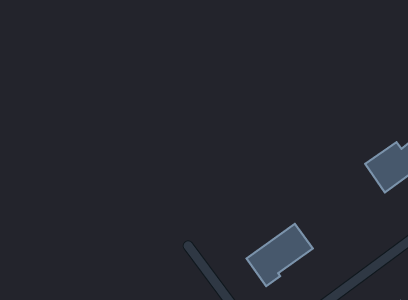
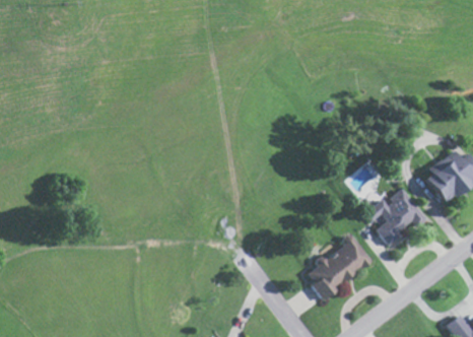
building: none -> [365,188,428,246]

